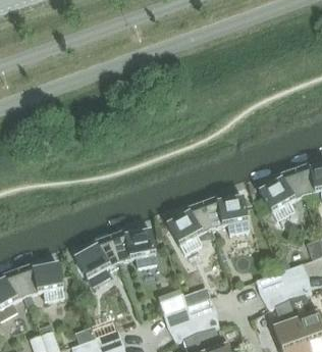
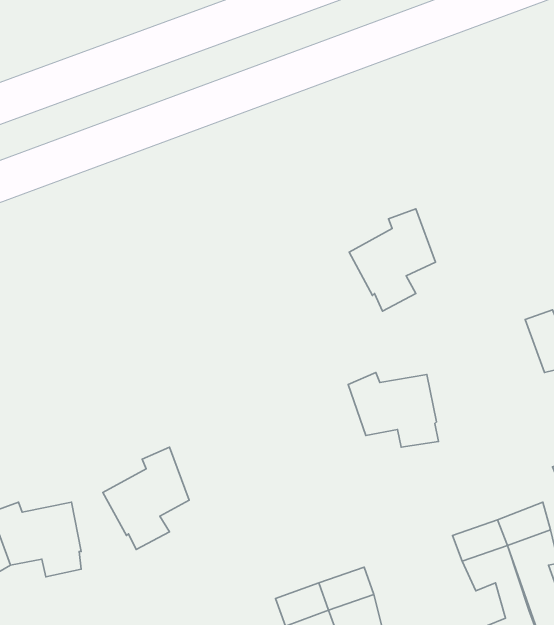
building: [259,167,304,220] -> [349,209,435,311]
building: [166,201,214,253] -> none
building: [109,229,156,267] -> none

